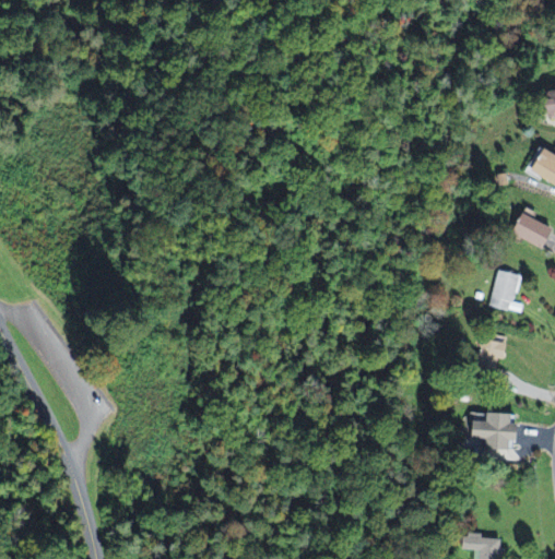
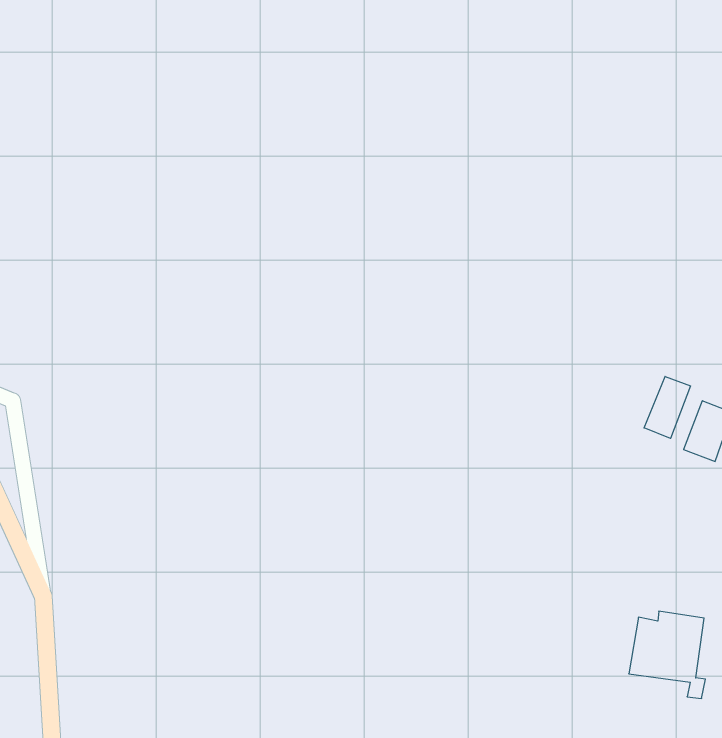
building: none -> [644,376,691,438]

